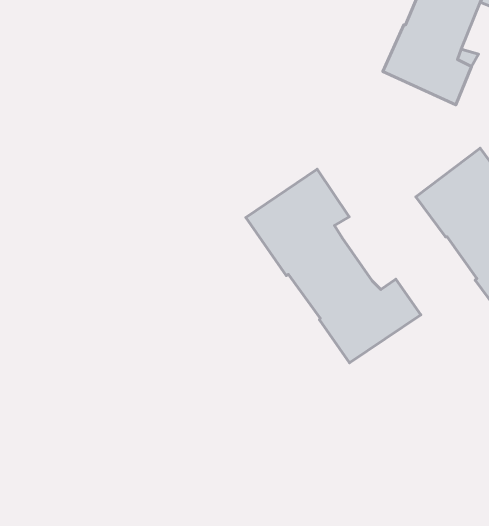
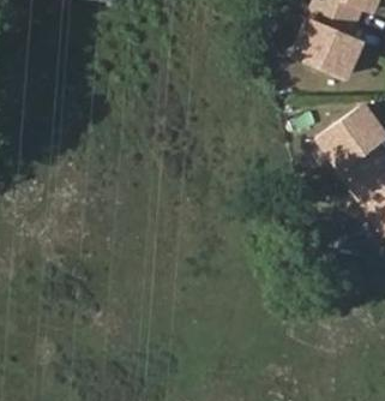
building: [246,169,421,363] -> none

